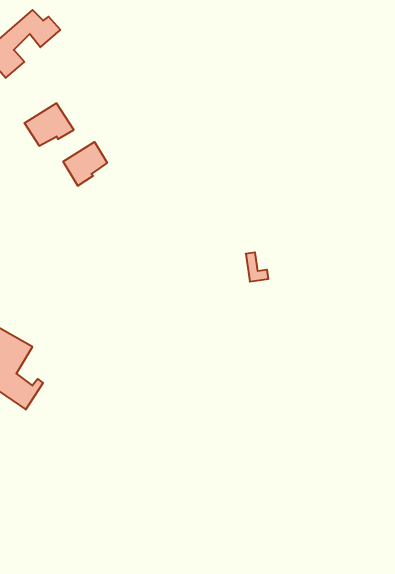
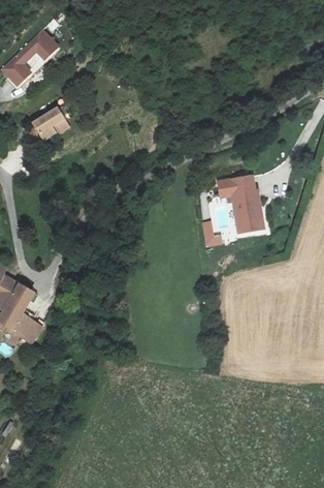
building: [63,142,107,186] -> none
building: none -> [218,175,263,231]

